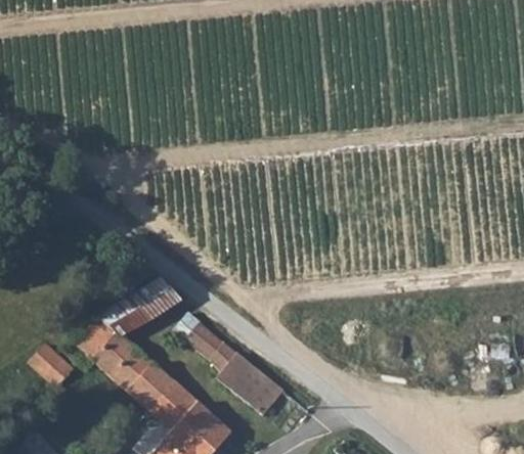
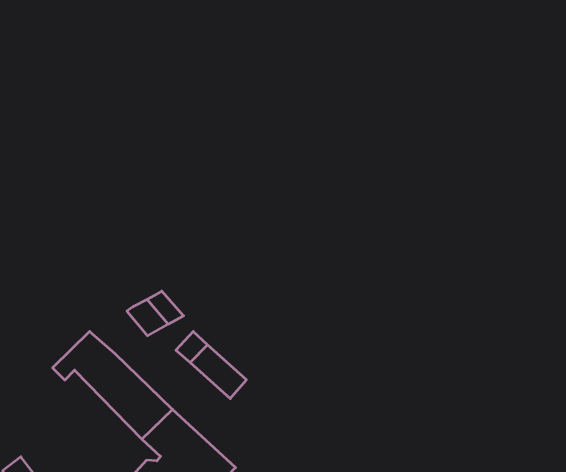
building: [97,299,148,336] -> none
building: [30,345,74,388] -> none
building: [227,361,283,415] -> none

